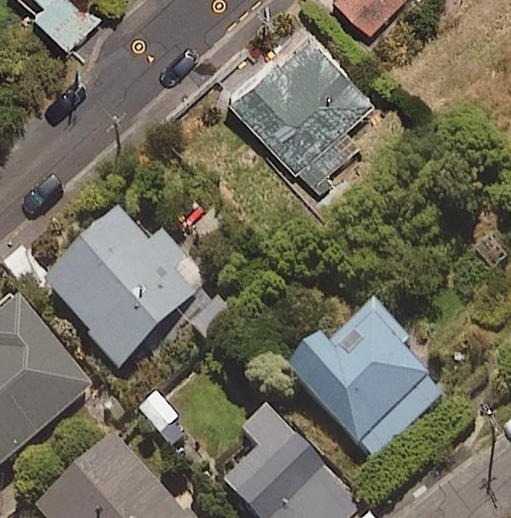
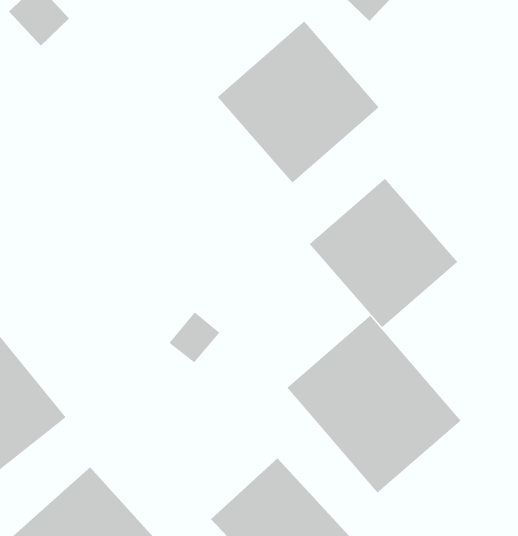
building: none -> [309,178,458,328]
building: [41,206,198,364] -> none

